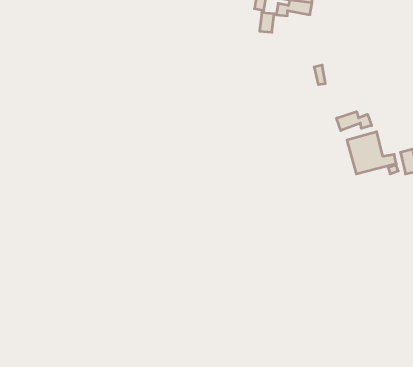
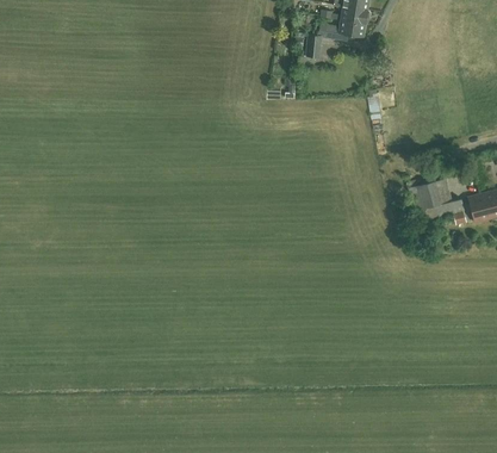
building: [337,112,372,131] -> none

